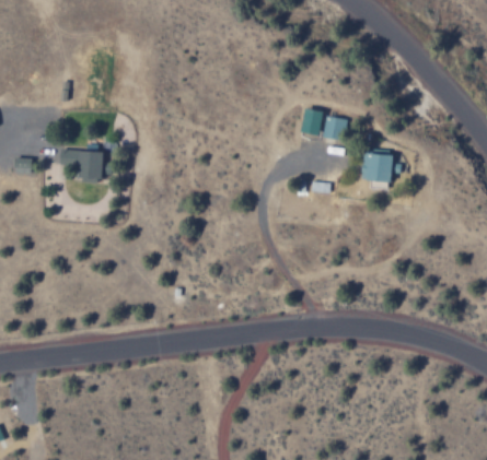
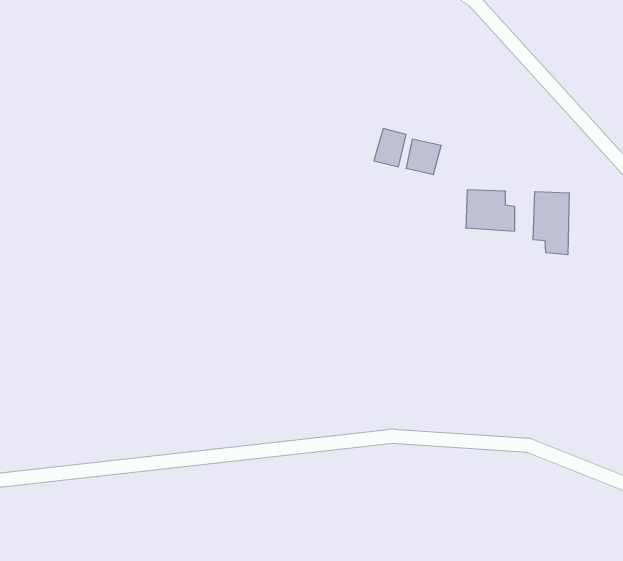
building: [59,150,103,181] -> none
building: none -> [533,192,569,255]

